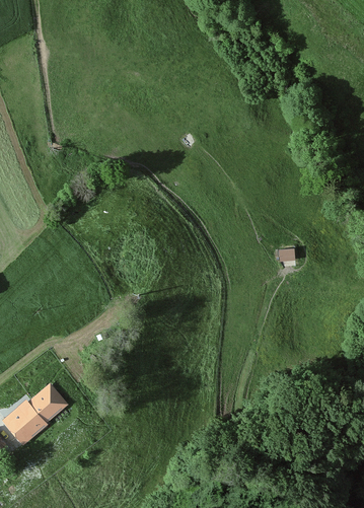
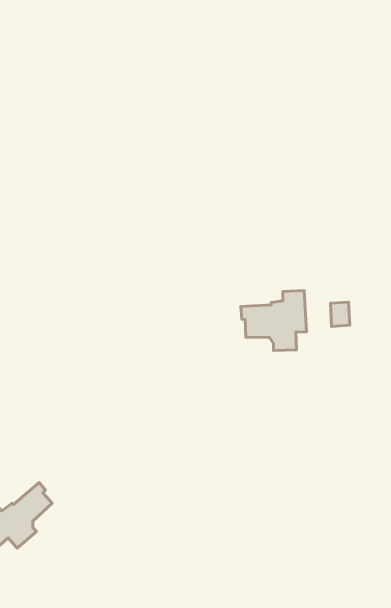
building: none -> [241,291,306,351]

